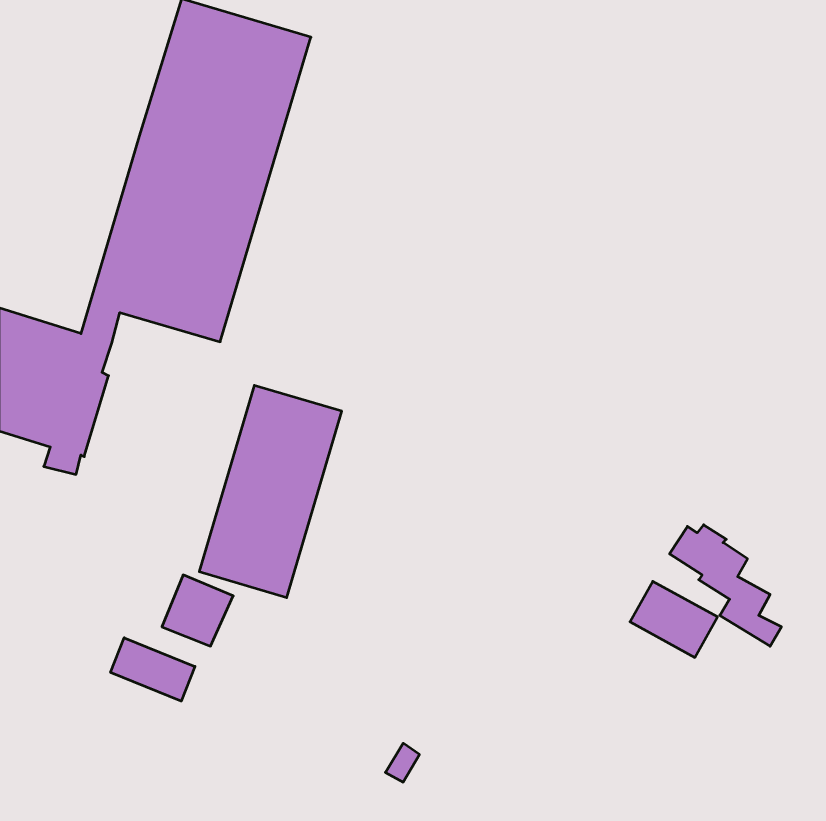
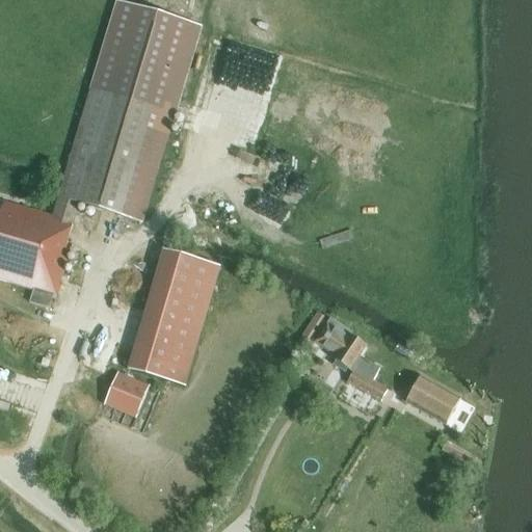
building: [670,525,781,646] -> [315,320,387,398]
building: [111,638,195,701] -> none

